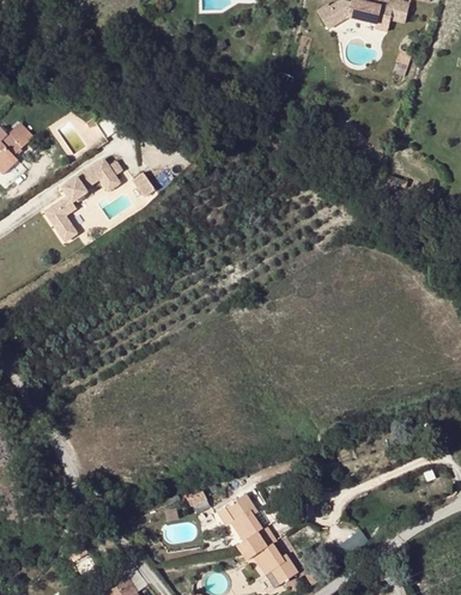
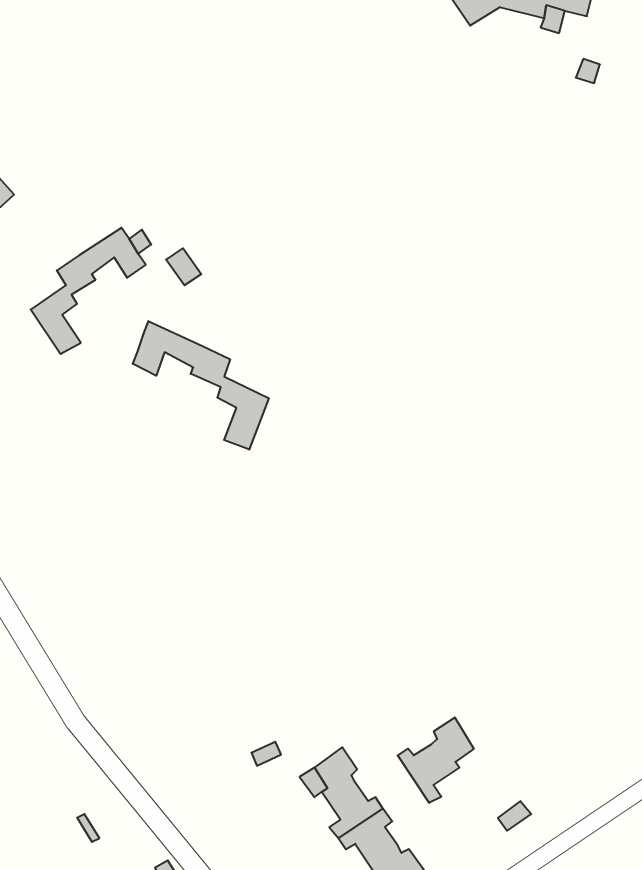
building: none -> [133,321,269,450]
building: none -> [398,717,474,803]

